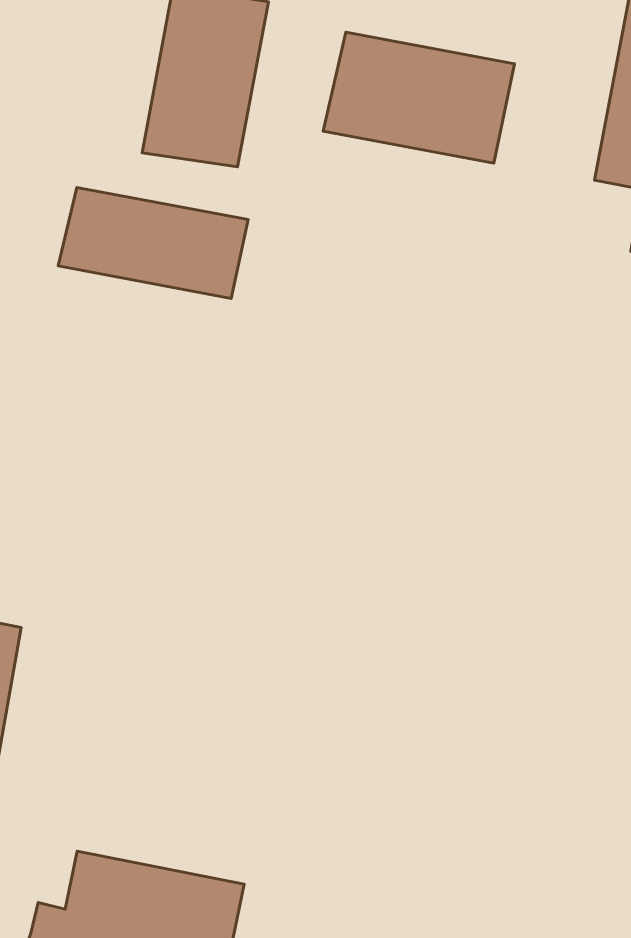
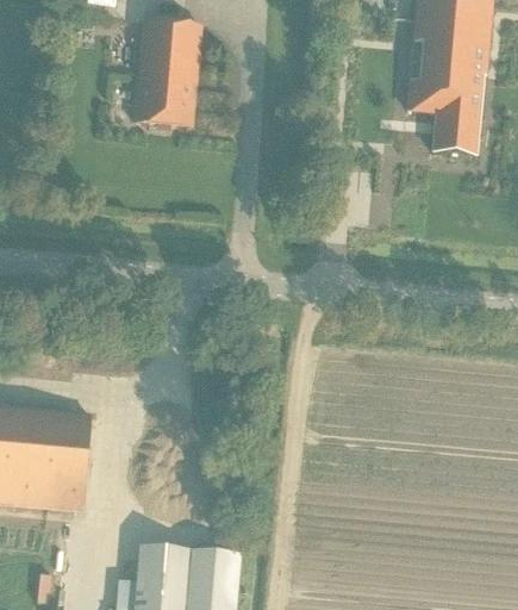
building: [323,32,514,163] -> none
building: [58,188,248,298] -> none

